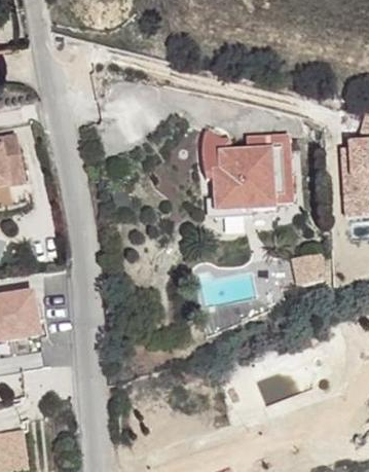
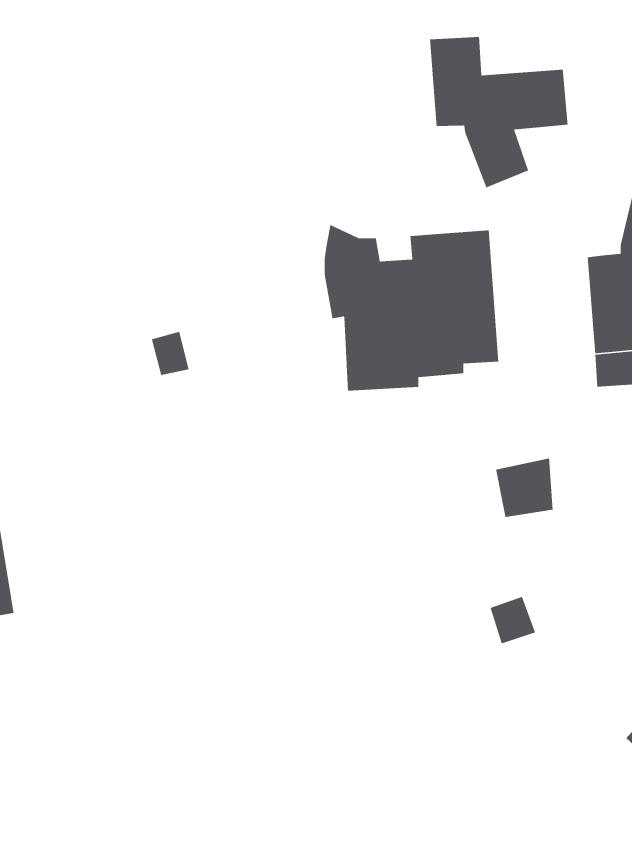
building: none -> [429,36,569,188]

